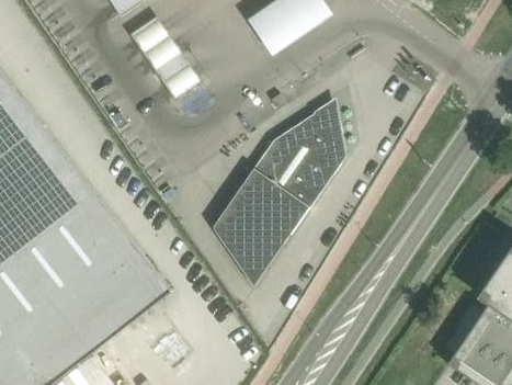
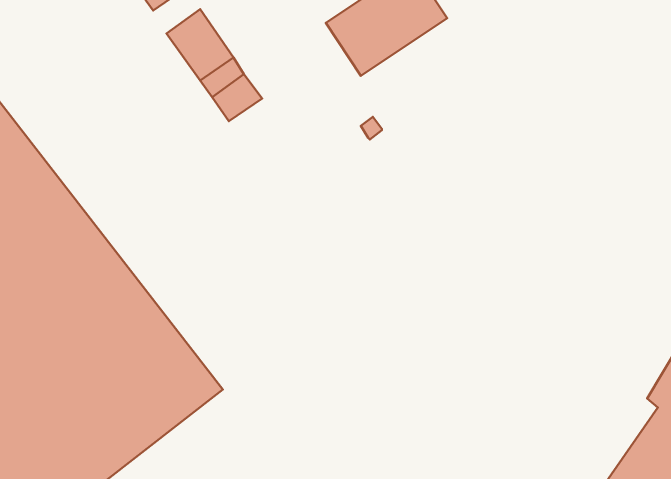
building: [213,109,345,286] -> none

